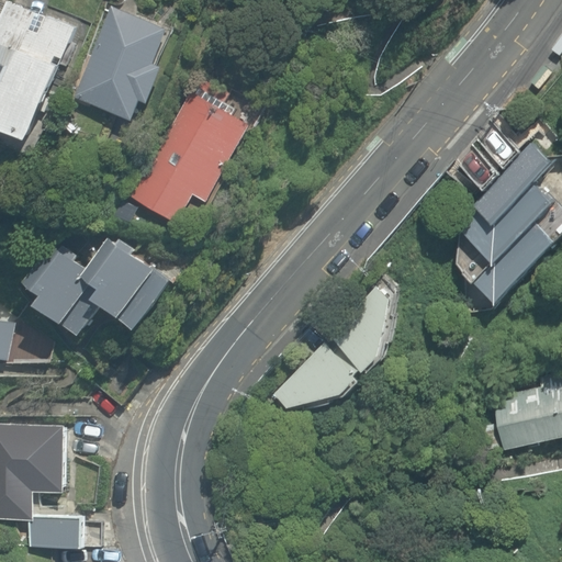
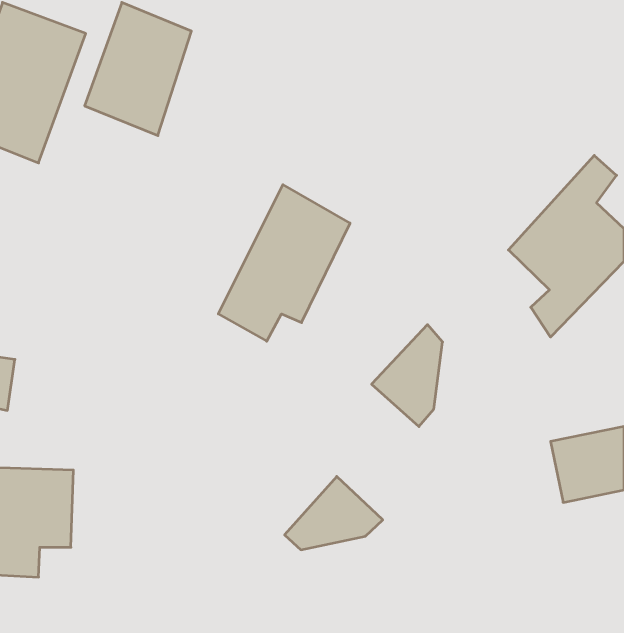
building: [130,85,246,223] -> [218,185,350,341]
building: [29,240,178,342] -> none
building: [277,346,363,411] -> [285,476,383,550]
building: [30,519,86,550] -> none

